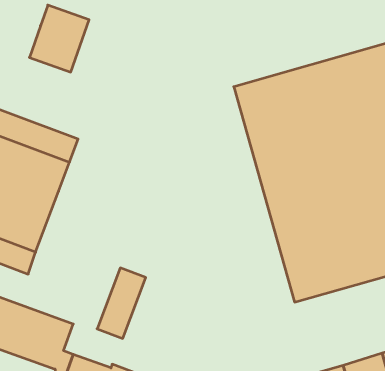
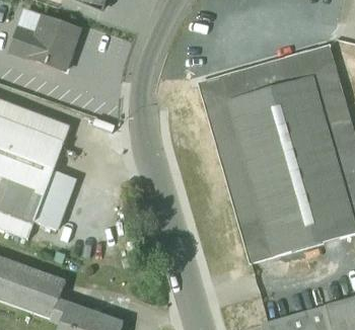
building: none -> [12,27,39,59]
building: [97,268,146,338] -> [34,170,75,229]

